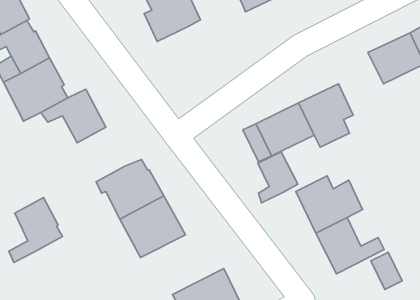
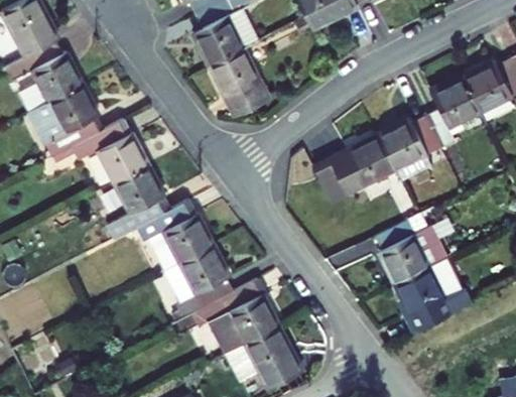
building: none -> [208,48,266,111]
building: none -> [418,79,471,151]
building: [258,152,298,203] -> none
building: [9,198,63,263] -> [108,165,170,241]
building: none -> [188,280,285,360]
building: [371,252,402,290] -> [428,260,465,303]

